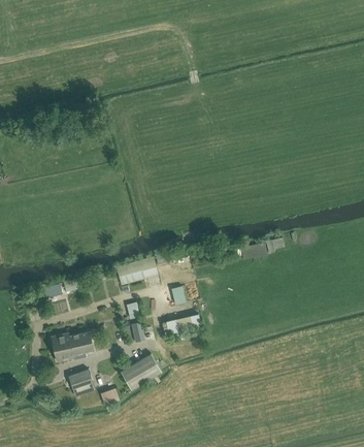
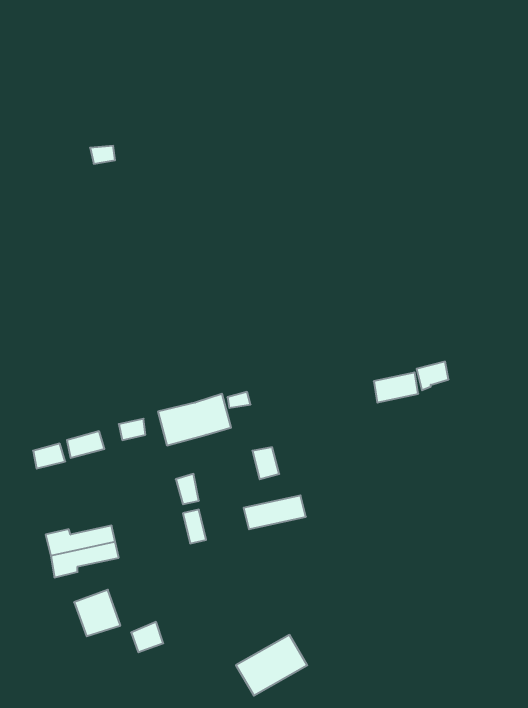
building: [120,354,161,389] -> [236,635,307,696]

